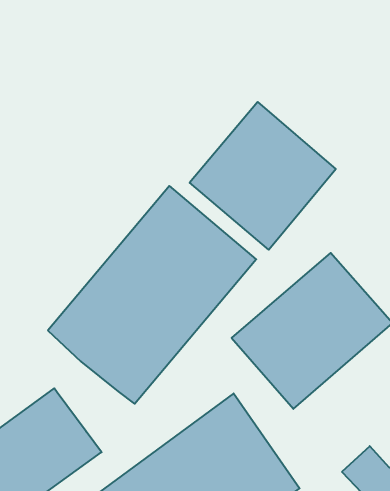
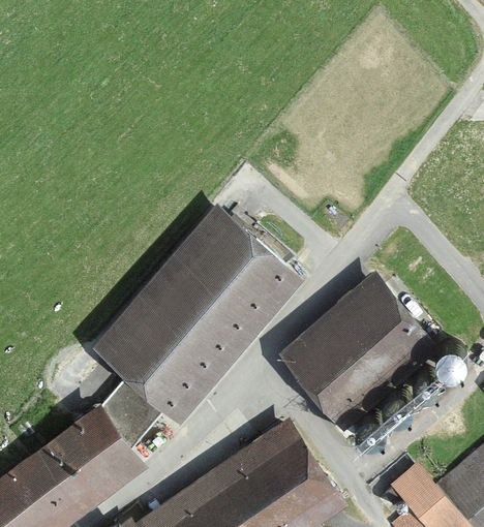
building: [190,102,336,250] -> none
building: none -> [103,379,164,450]

